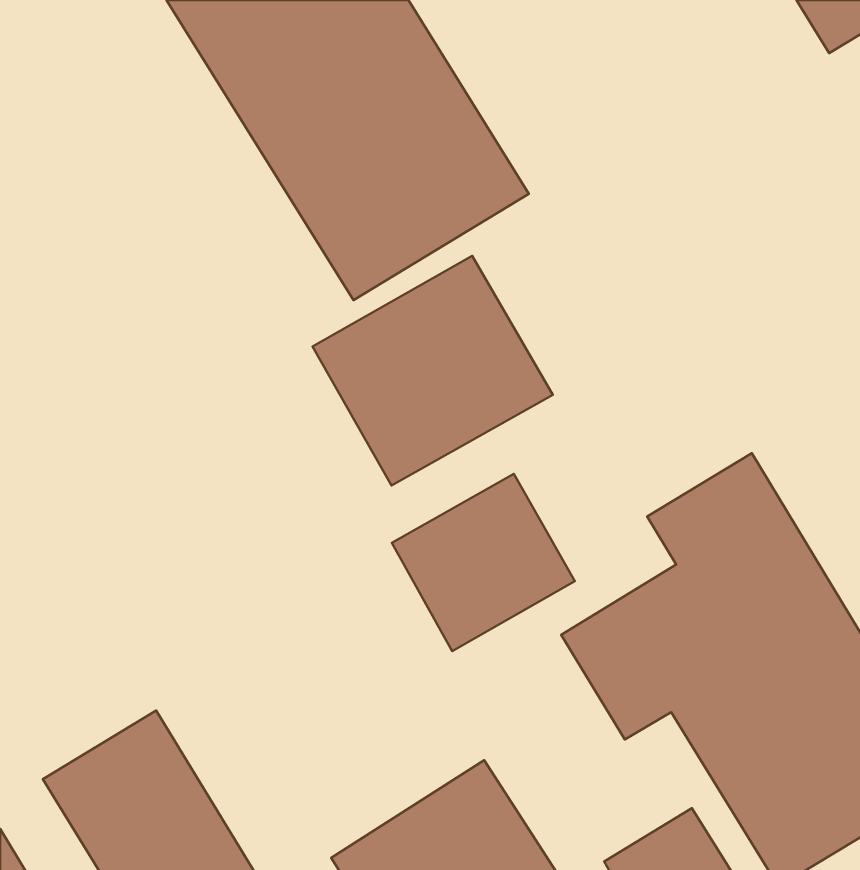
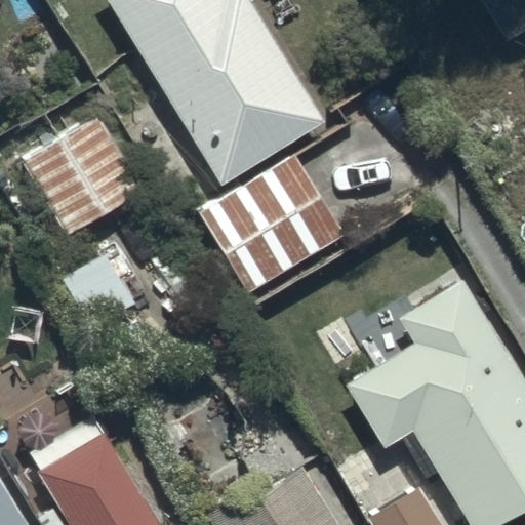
building: none -> [26,116,148,237]
building: [392,474,575,651] -> none

